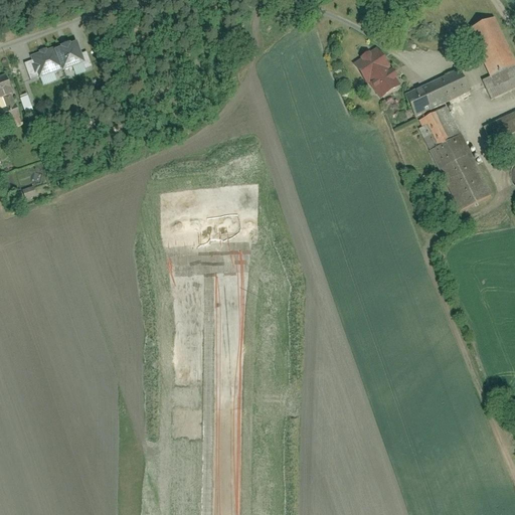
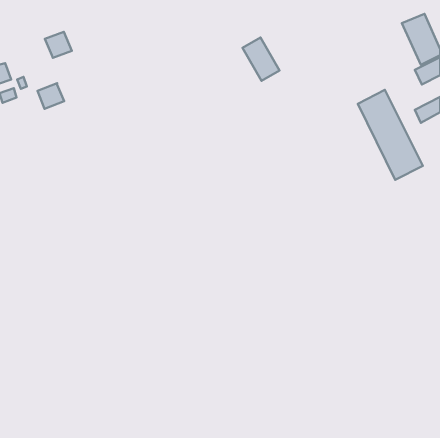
building: [29,43,60,73] -> [37,83,64,109]
building: [356,46,399,97] -> [242,38,280,81]
building: [403,67,469,116] -> none

